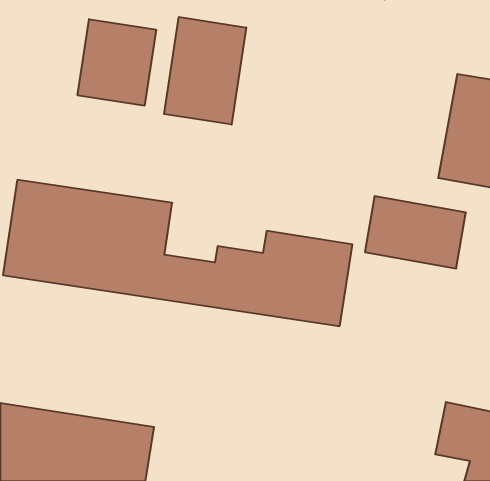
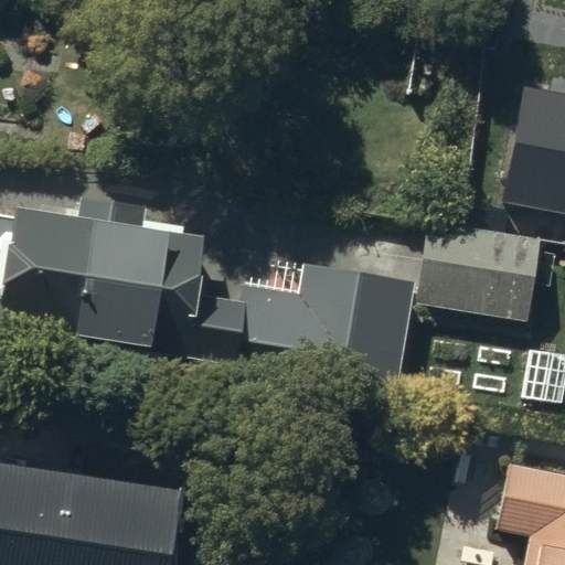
building: [164,17,246,125] -> none
building: [78,19,156,106] -> none

